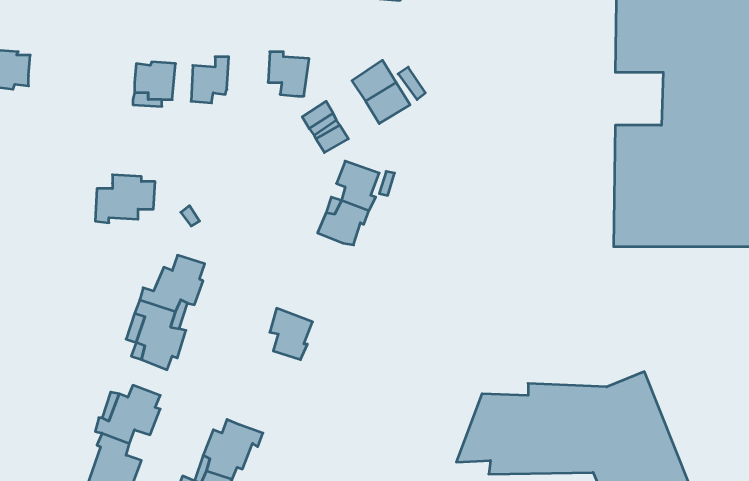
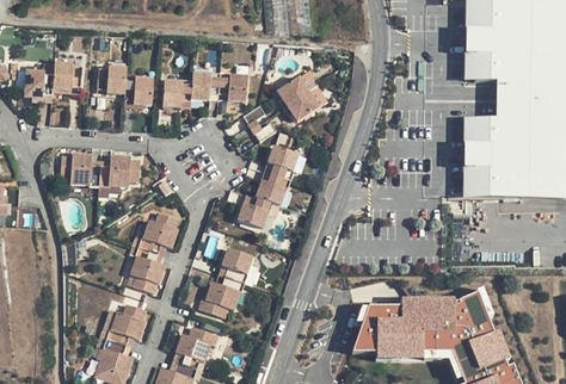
building: none -> [53,61,82,87]
building: none -> [99,64,128,91]
building: none -> [191,68,221,97]
building: none -> [61,151,100,187]
building: none -> [236,194,272,228]
building: none -> [196,278,242,317]

